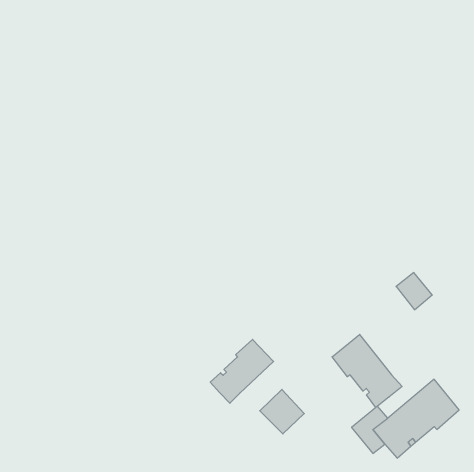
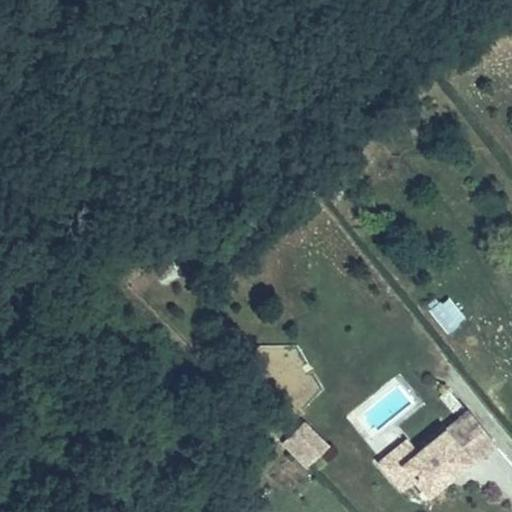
building: [332,334,402,407] -> none
building: [210,339,274,403] -> none

